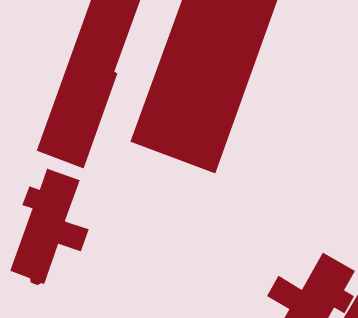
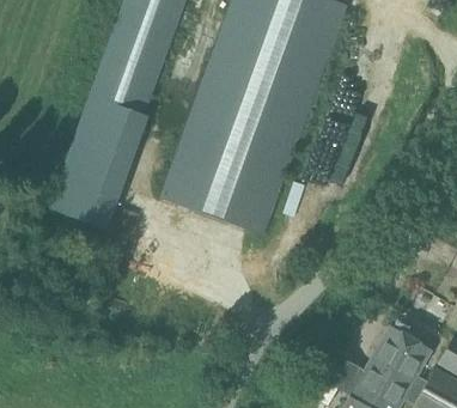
building: [10,168,90,286] -> none

